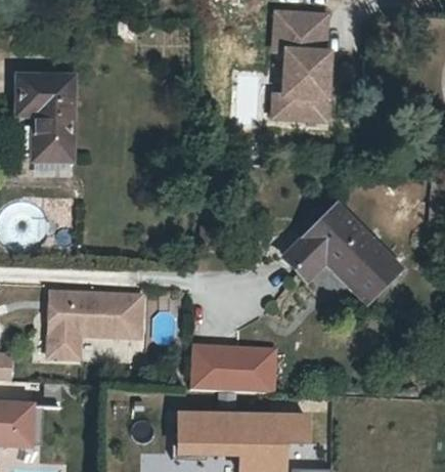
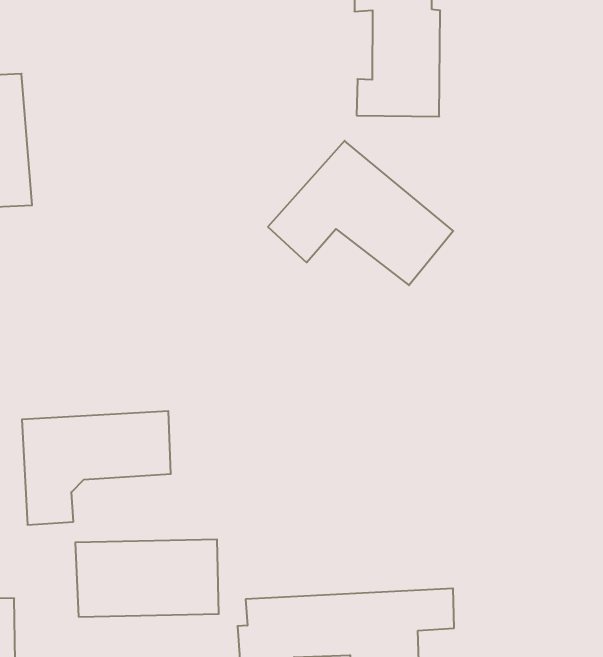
building: [285,207,400,299] -> [268,141,453,285]
building: [188,338,277,388] -> [75,539,219,617]

